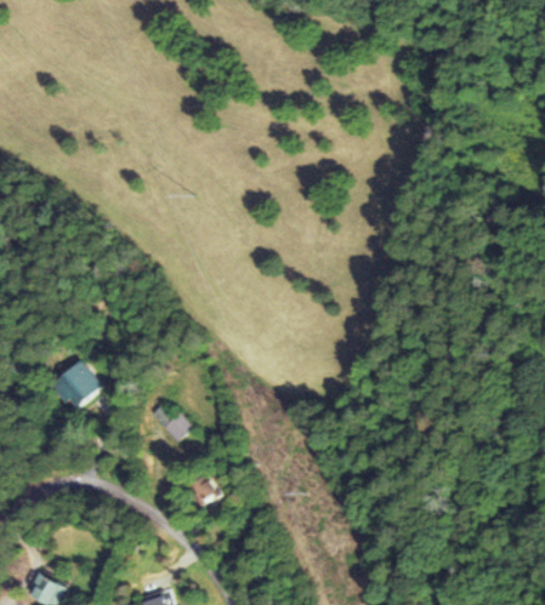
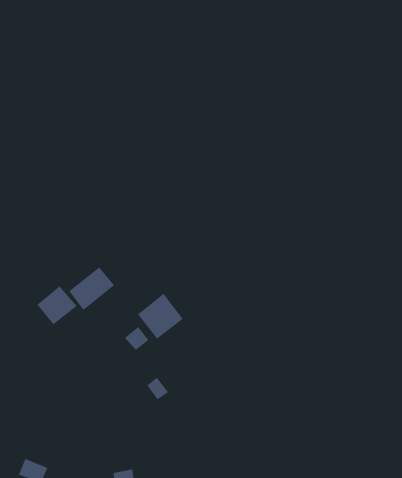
building: none -> [68,267,115,311]
building: none -> [137,293,183,339]

